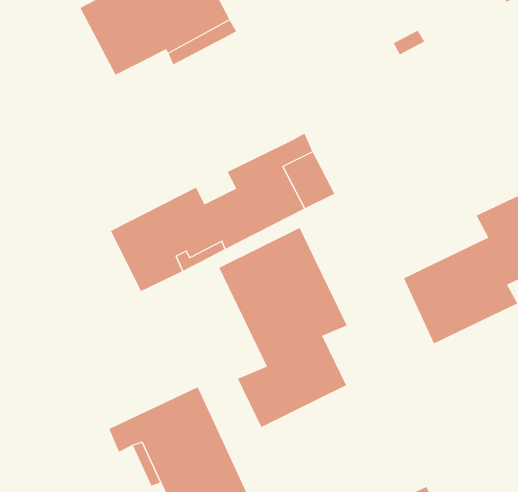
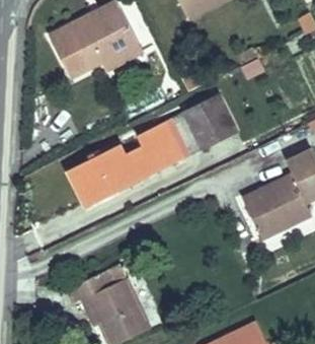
building: none -> [186,94,237,147]
building: [219,227,347,428] -> none

